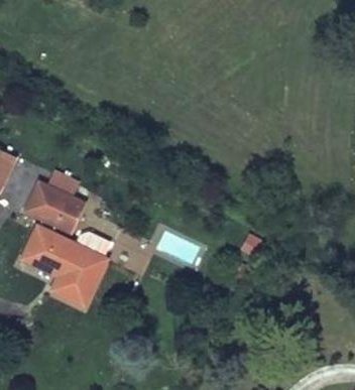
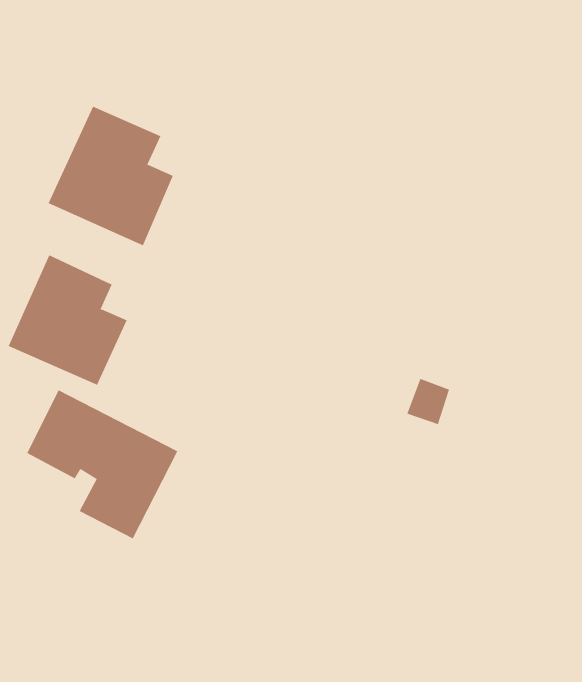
building: none -> [48,106,174,246]

